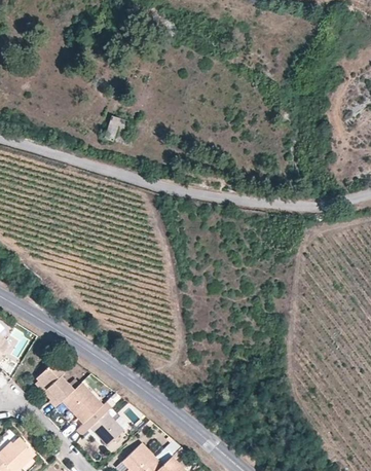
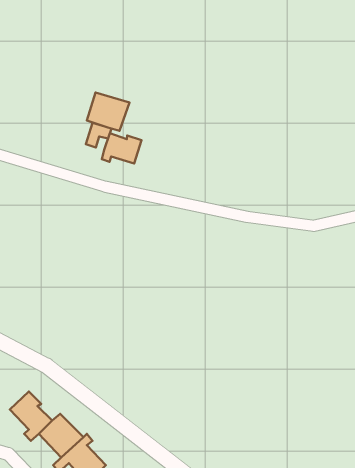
building: none -> [87,93,129,131]
building: none -> [102,133,141,164]

